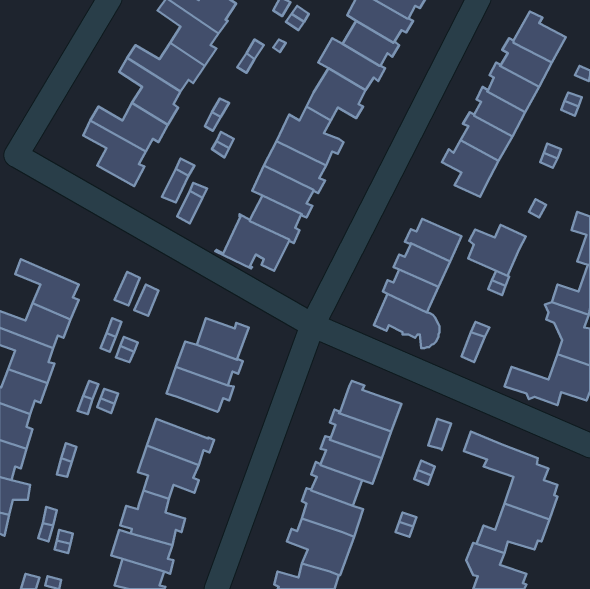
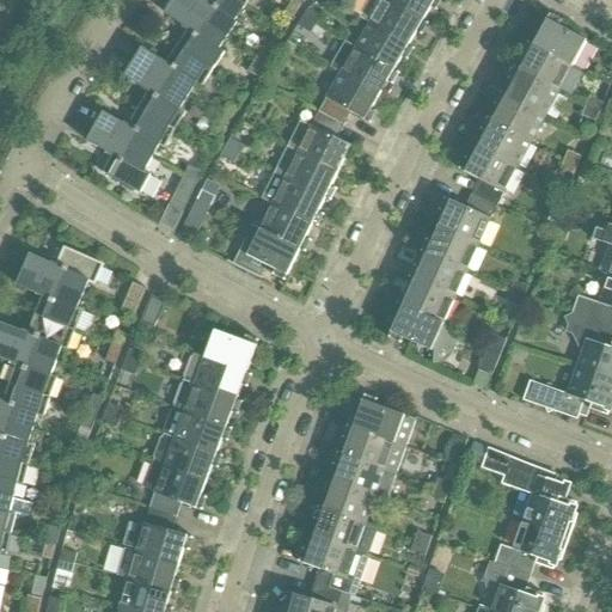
building: [468,225,526,276] -> [436,191,496,244]
building: none -> [22,245,102,294]
building: none -> [161,406,231,453]

